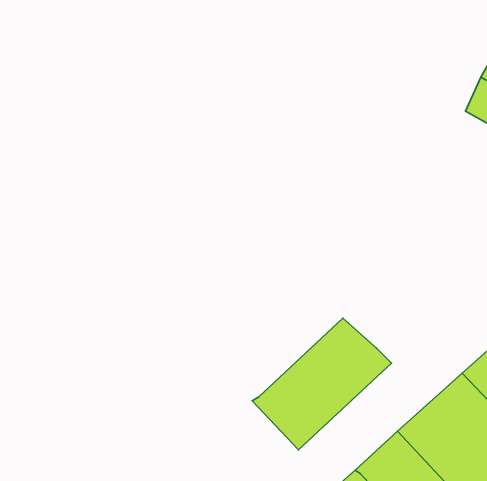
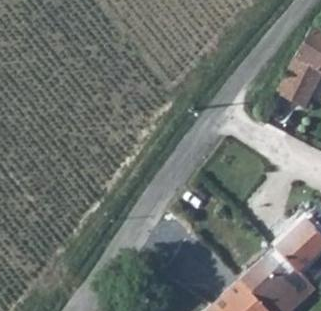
building: [252,318,392,450] -> none

